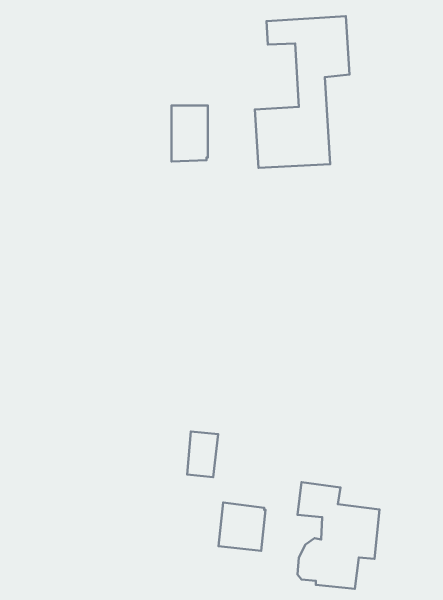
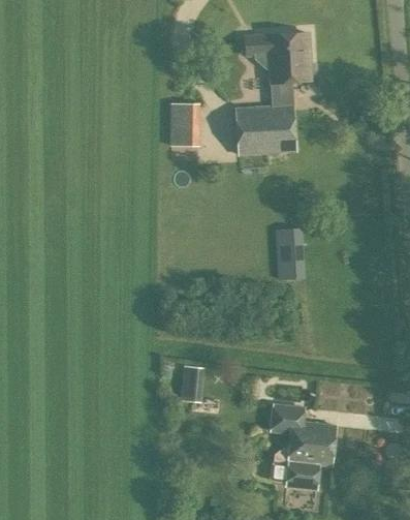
building: none -> [275,227,307,278]
building: [218,502,266,551] -> none

